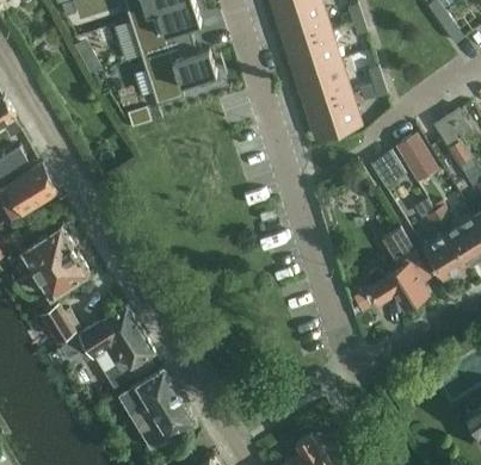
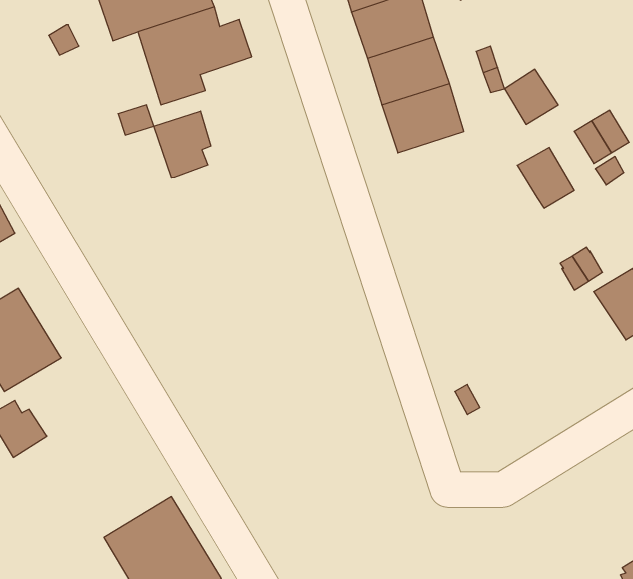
building: none -> [154,111,211,178]
building: [370,150,406,187] -> [505,69,558,124]
building: [366,228,430,309] -> none
building: [423,231,468,279] -> none
building: [62,308,154,383] -> none

